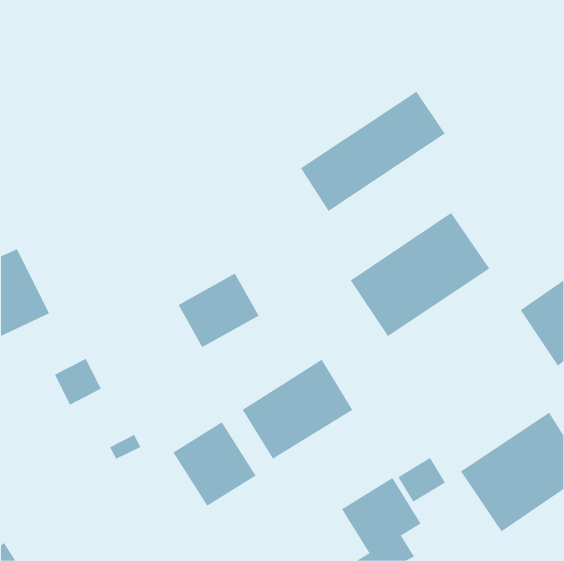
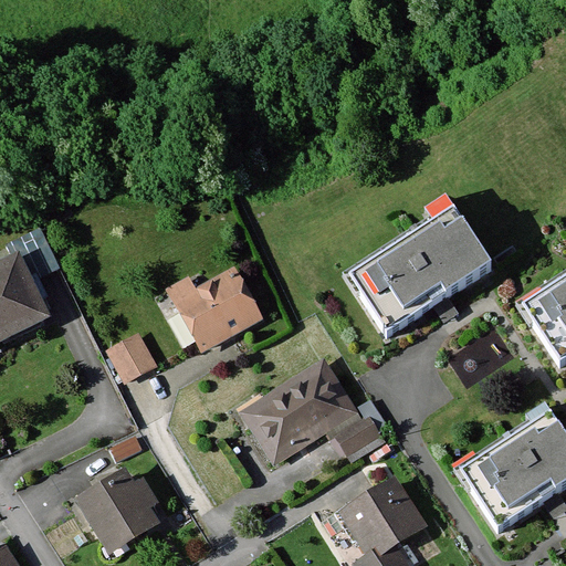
building: [300,91,445,212] -> none
building: [54,358,102,406] -> [108,331,156,378]
building: [172,422,256,507] -> [74,467,158,552]
building: [397,457,446,503] -> [336,415,385,460]

